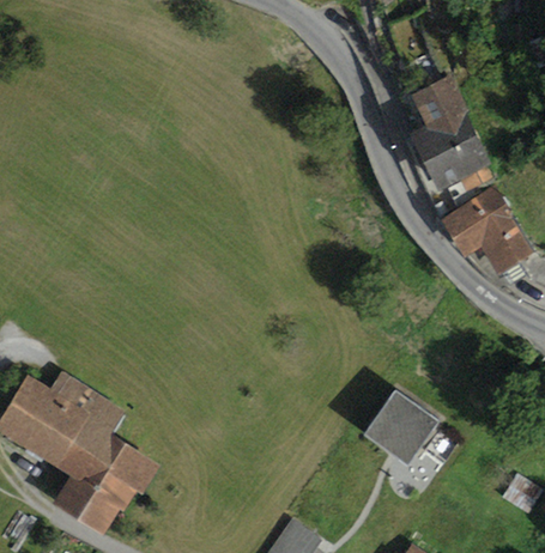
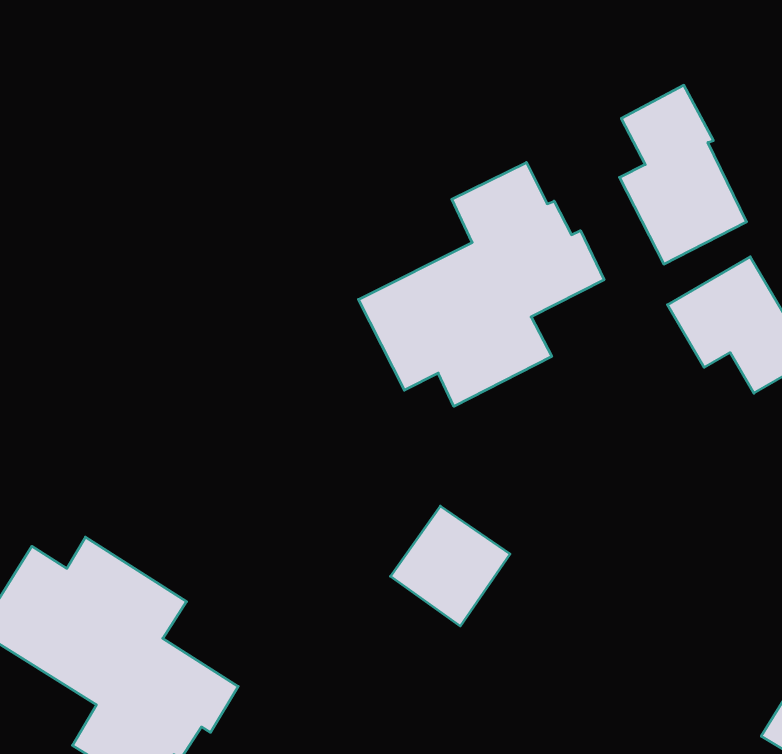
building: none -> [358,162,604,406]
building: [362,390,440,468] -> [390,506,510,626]

